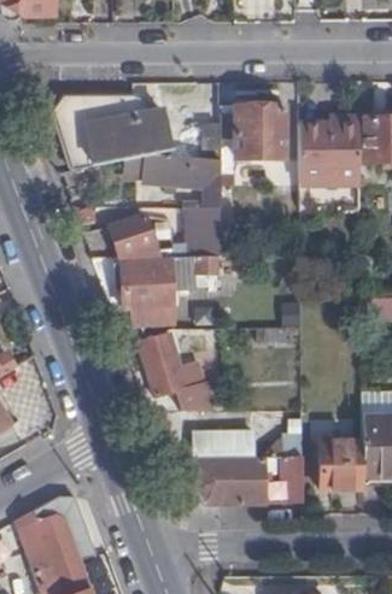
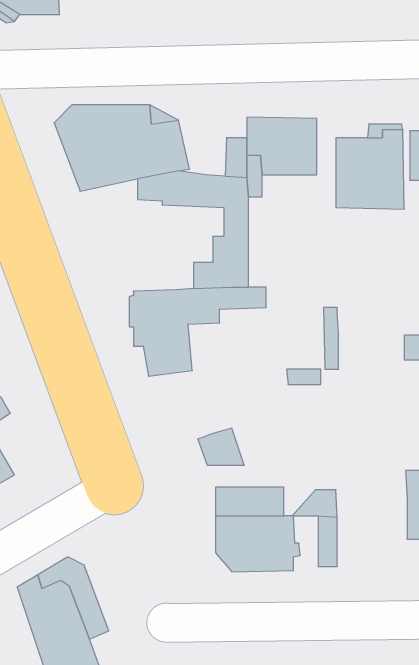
building: [111,217,158,259] -> none
building: [139,335,191,395] -> none
building: [320,441,362,489] -> none

